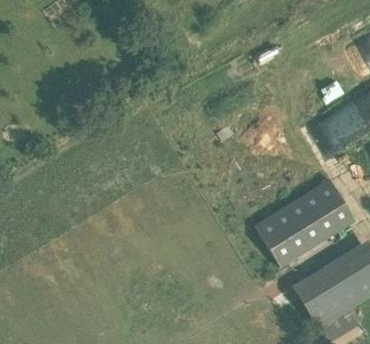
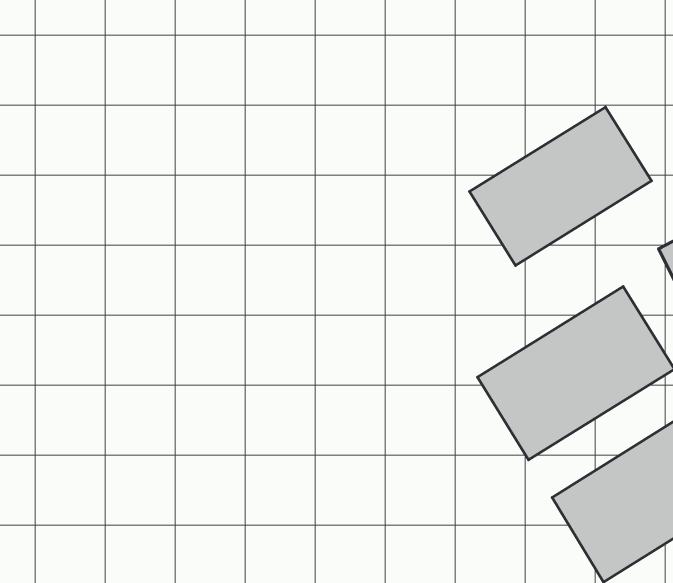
building: none -> [470,107,651,265]

